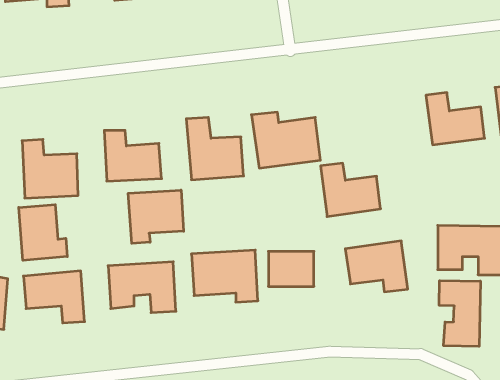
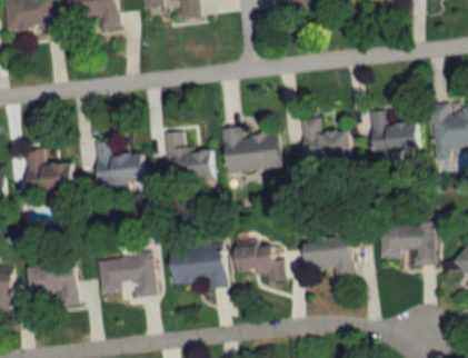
building: [321,163,381,217] -> [300,117,351,162]
building: [128,190,184,243] -> none
building: [19,205,67,260] -> none
building: [439,281,480,346] -> none

